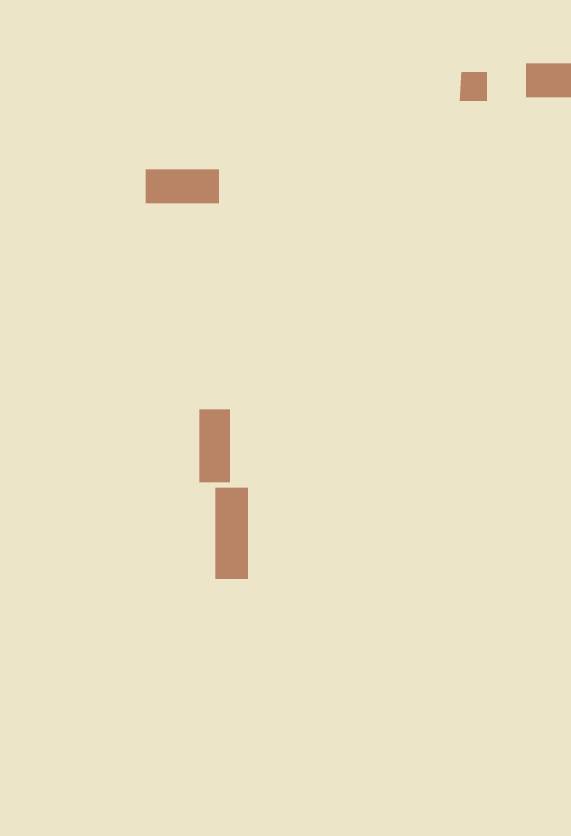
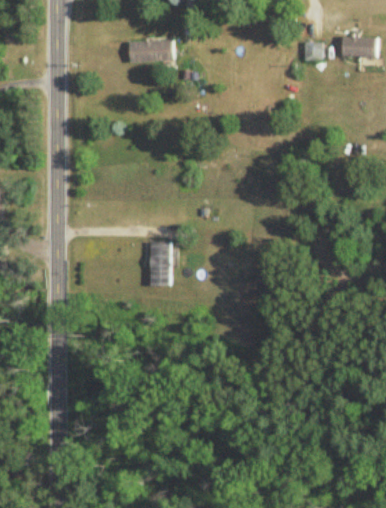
building: [145,168,220,204] -> [128,41,172,62]
building: [215,487,249,580] -> none

